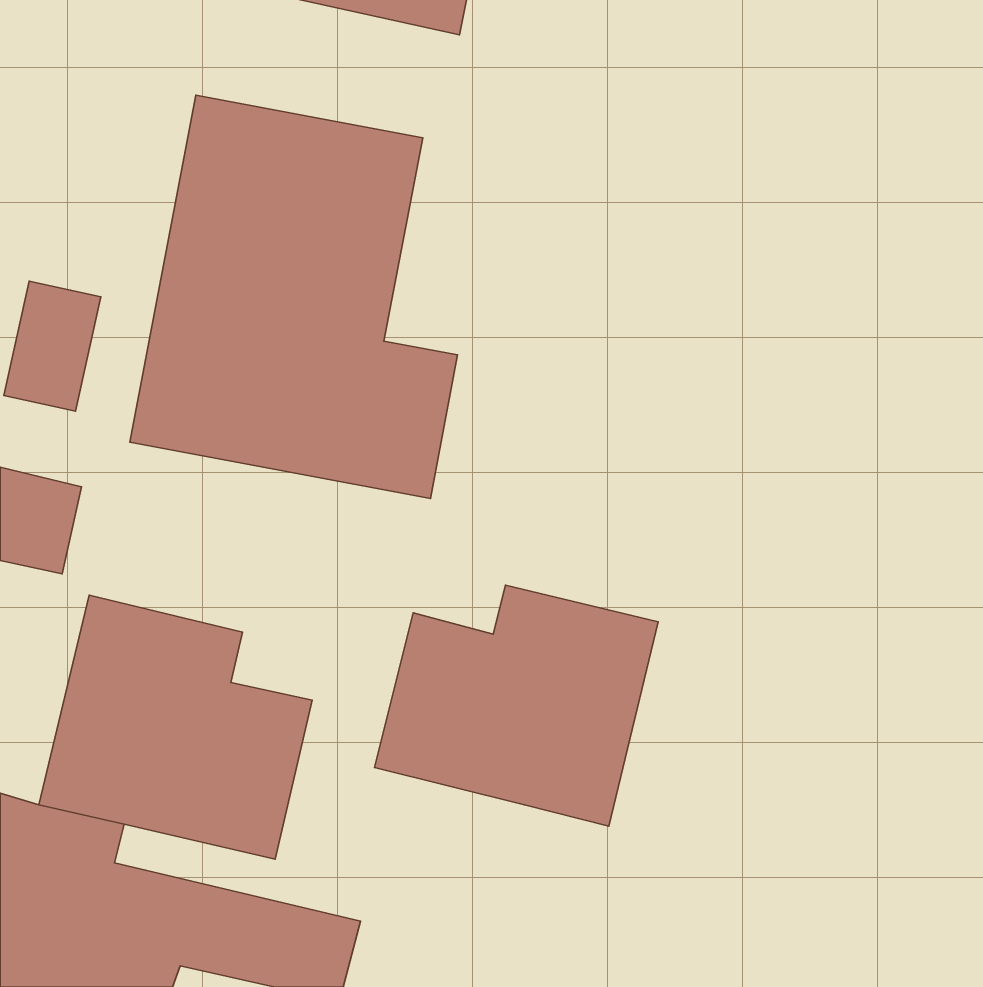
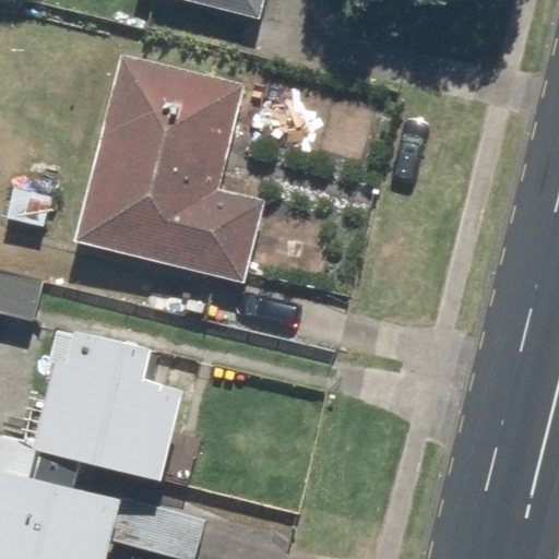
building: [374,585,658,826] -> none

